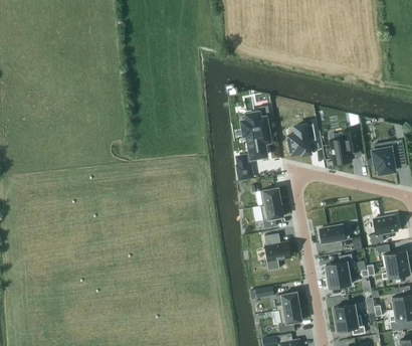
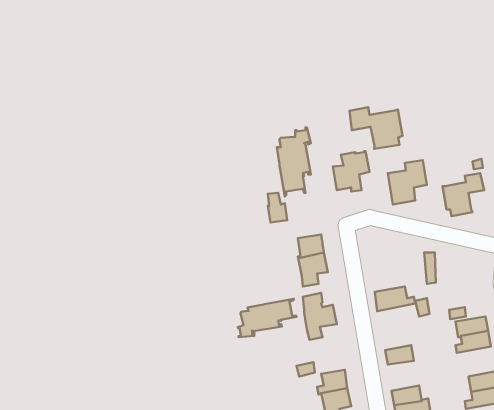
building: none -> [349,107,403,149]
building: [370,214,398,243] -> none
building: none -> [238,299,297,337]
building: [326,253,353,277] -> none

